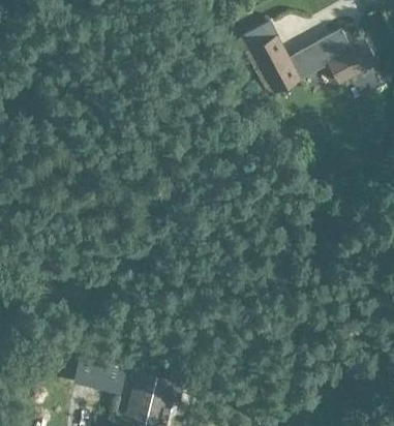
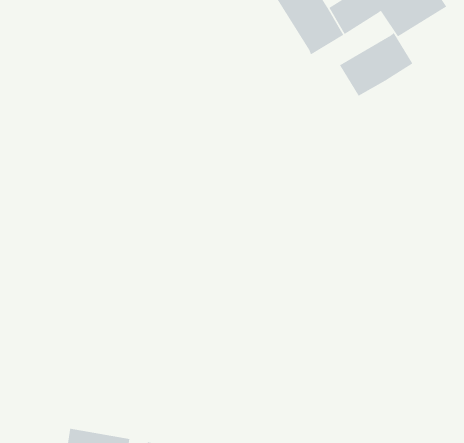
building: none -> [339,32,413,97]

